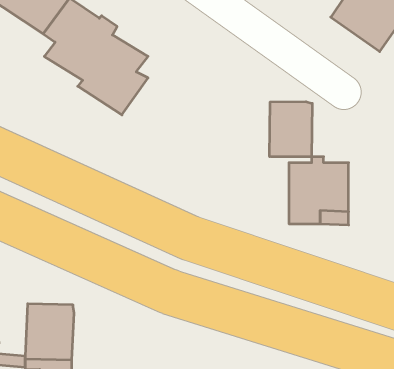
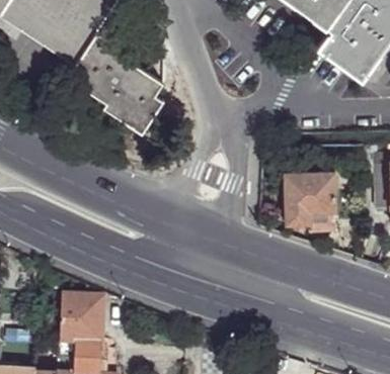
building: [270,102,312,157] -> none

